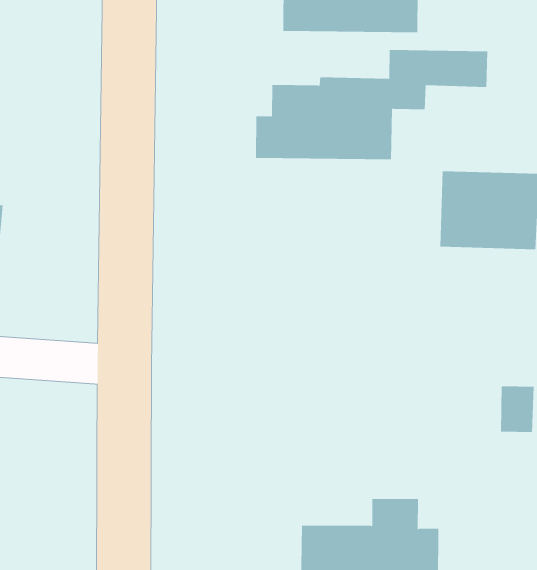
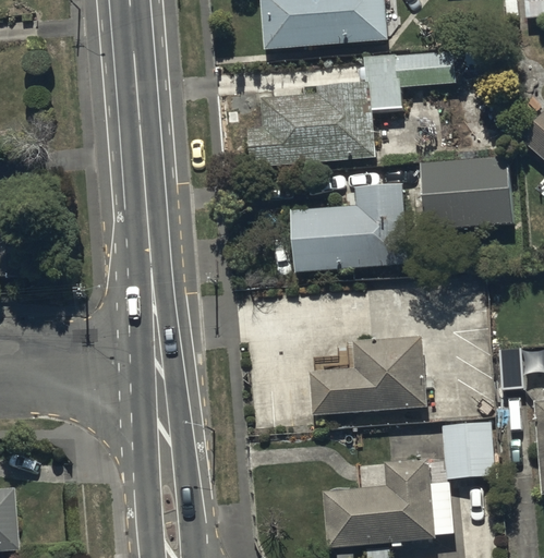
building: none -> [289,185,409,270]
building: none -> [310,338,427,412]
building: none -> [442,422,494,480]

